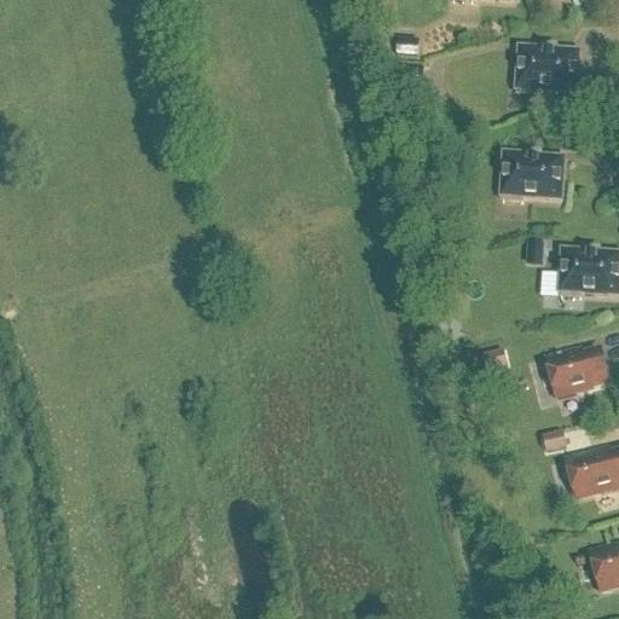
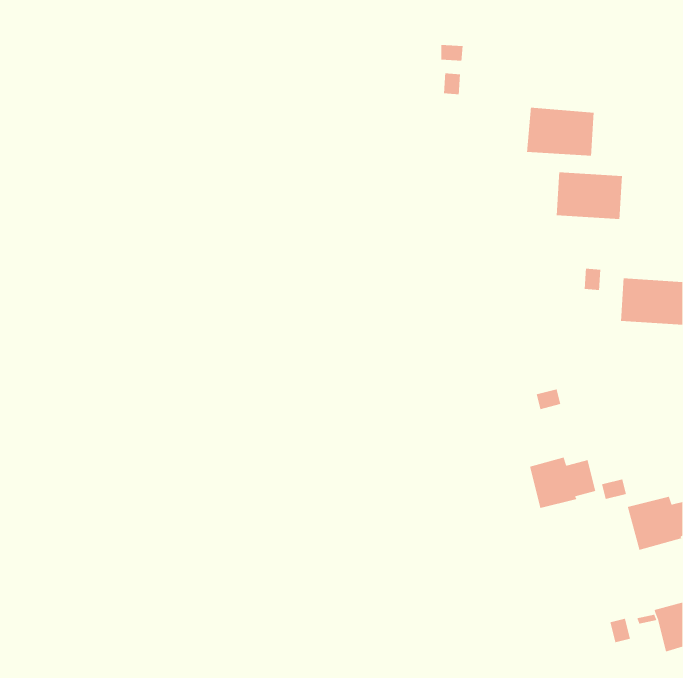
building: [516,47,578,92] -> [526,107,594,156]
building: [546,348,607,395] -> [529,457,596,509]

